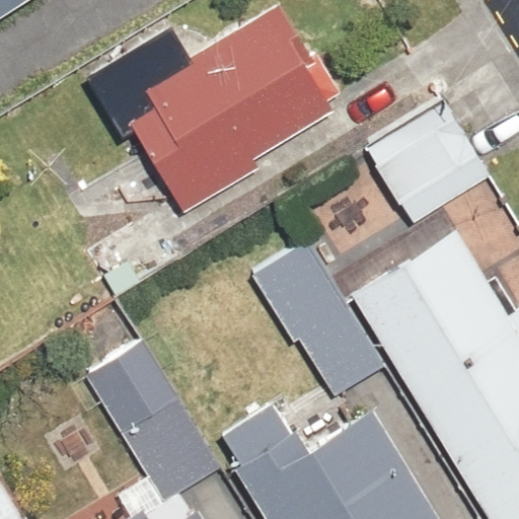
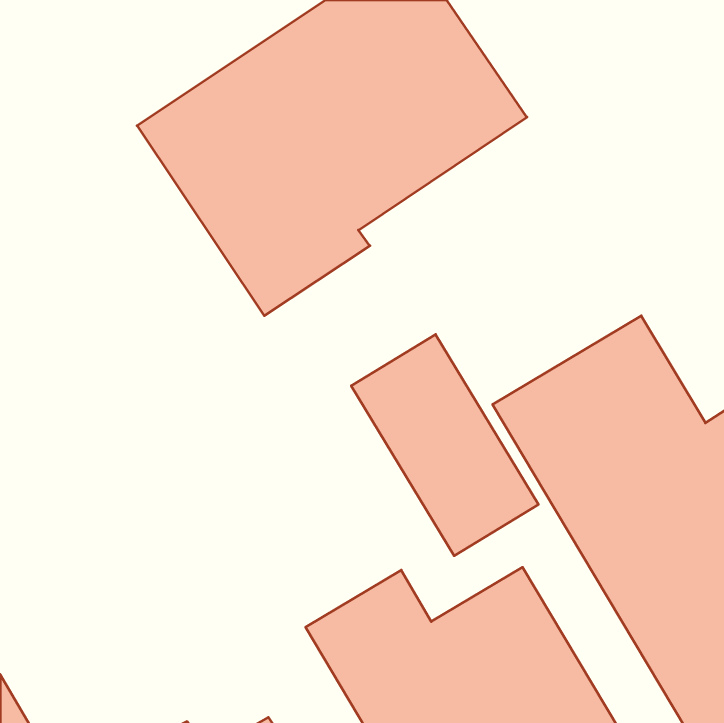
building: [362,100,491,226] -> none
building: [74,329,225,513] -> none

